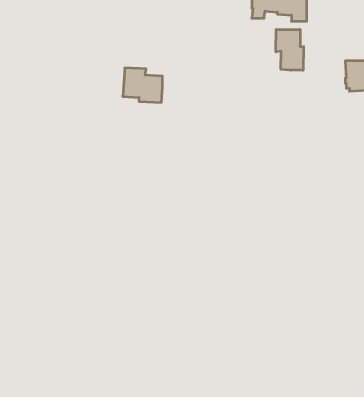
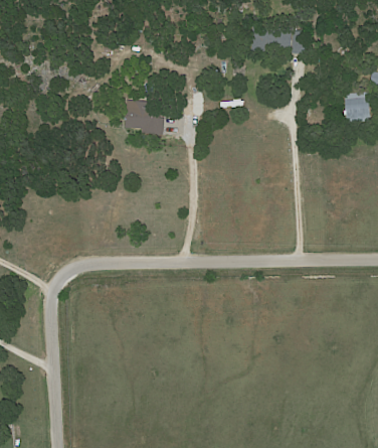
building: [276,29,304,70] -> none

